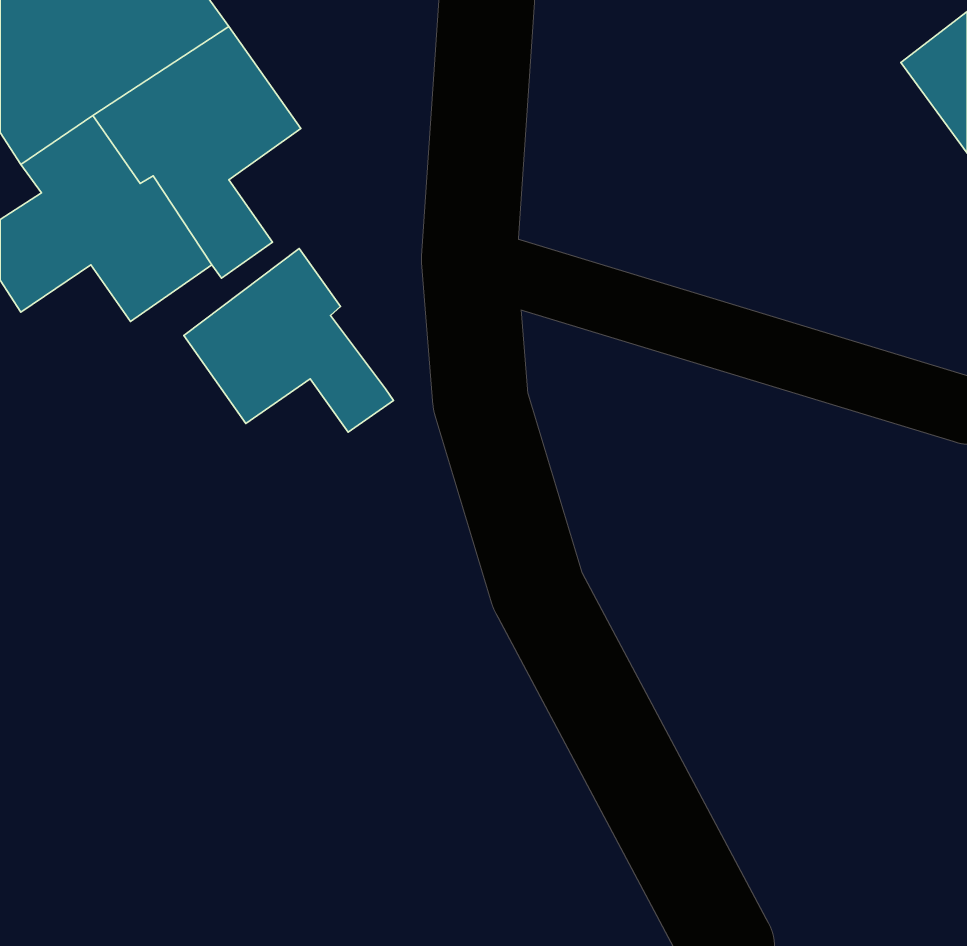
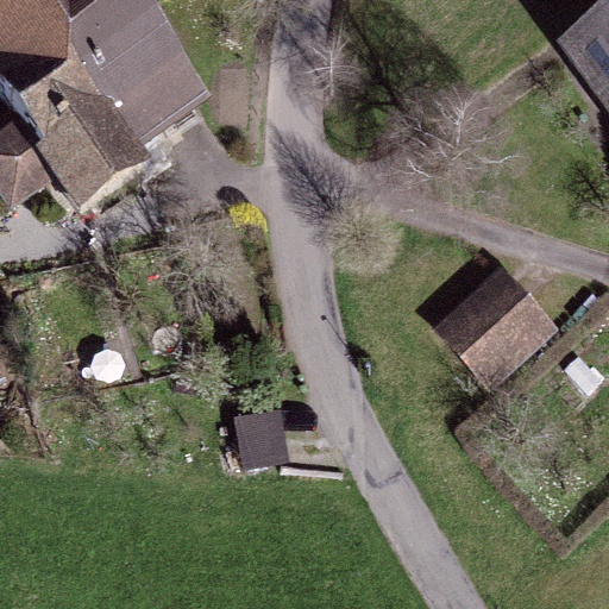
building: [184,248,394,432] -> none
building: none -> [444,274,545,375]

